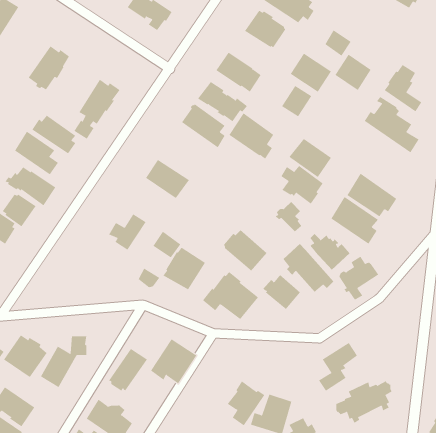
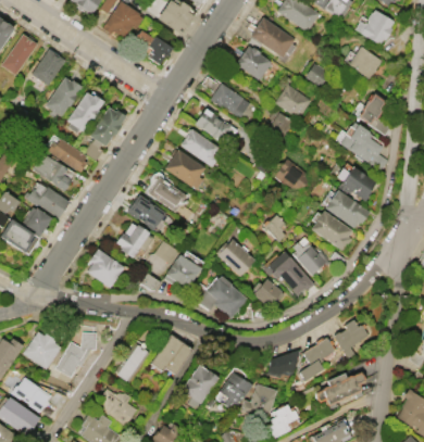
building: none -> [32,49,65,86]
building: [335,54,372,91] -> [349,46,382,78]
building: none -> [66,92,104,132]
building: [228,112,274,159] -> [164,149,204,190]
building: [280,165,324,205] -> [337,166,375,201]
building: none -> [126,193,165,230]
building: none -> [87,249,124,288]
building: [338,256,379,300] -> [334,319,370,358]
building: none -> [267,350,300,378]
building: none -> [182,365,220,409]

